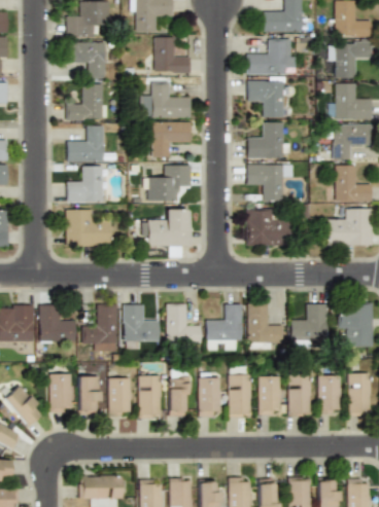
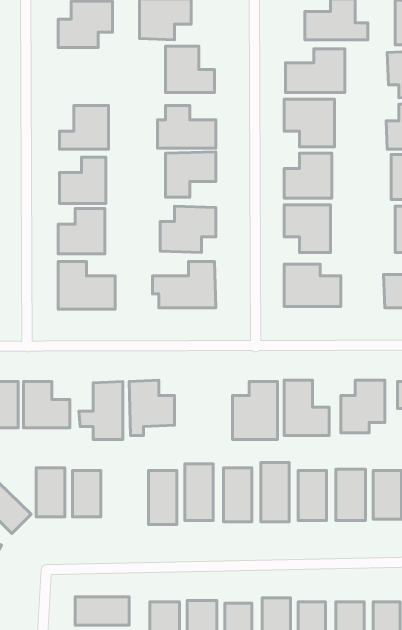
building: [68,41,105,79] -> none
building: [165,304,201,343] -> none
building: [108,376,131,417] -> none

